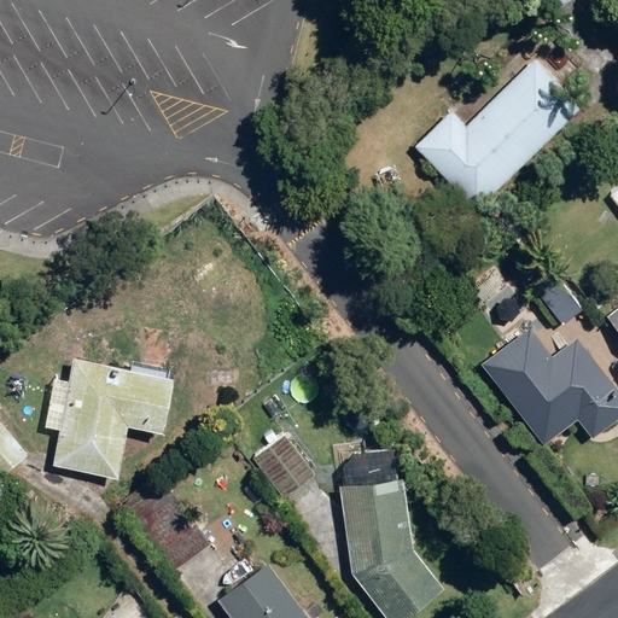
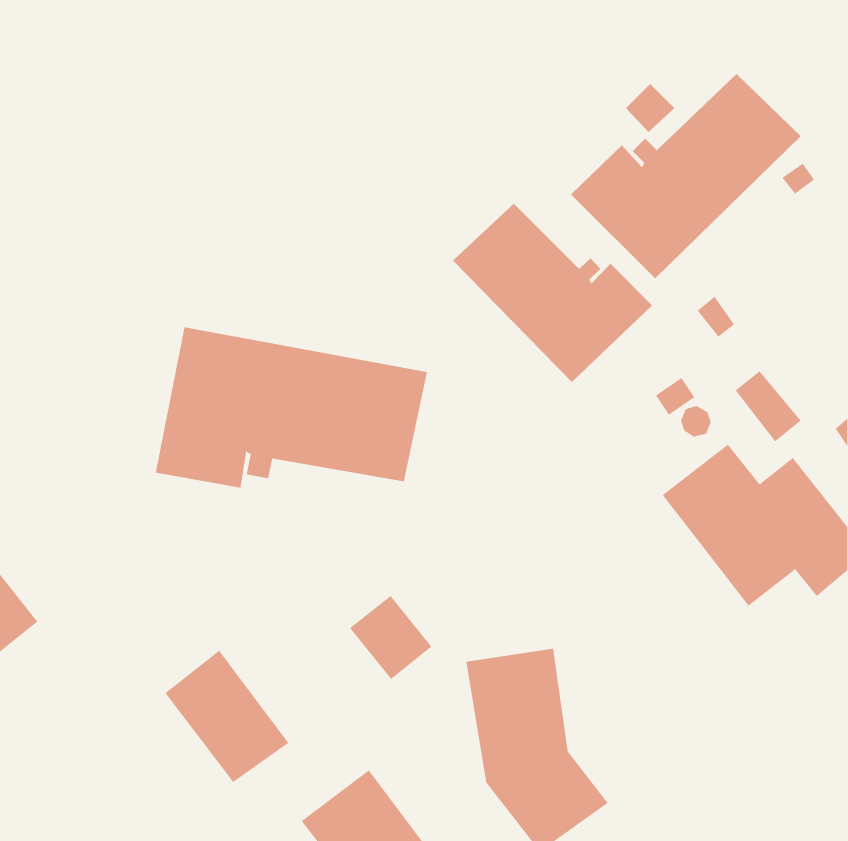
building: none -> [452,203,653,383]
building: none -> [155,327,427,489]
building: [45,357,173,479] -> none

